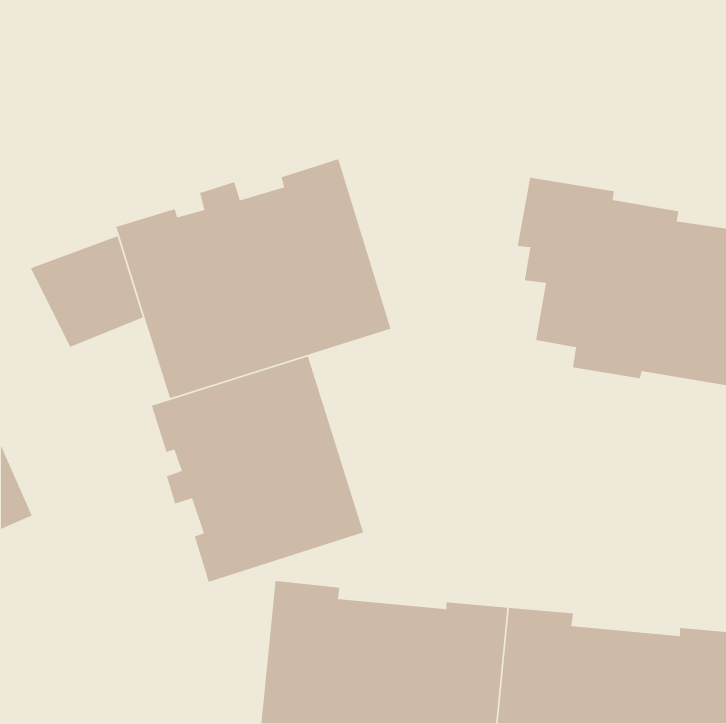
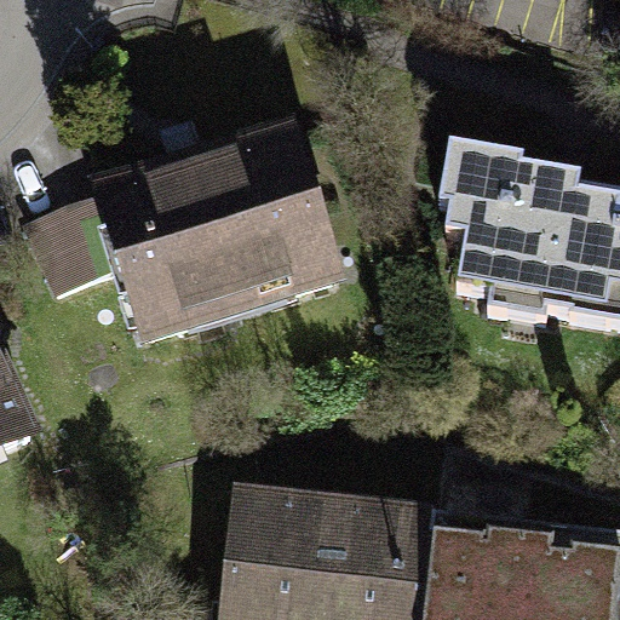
building: [151,355,364,583] -> none

